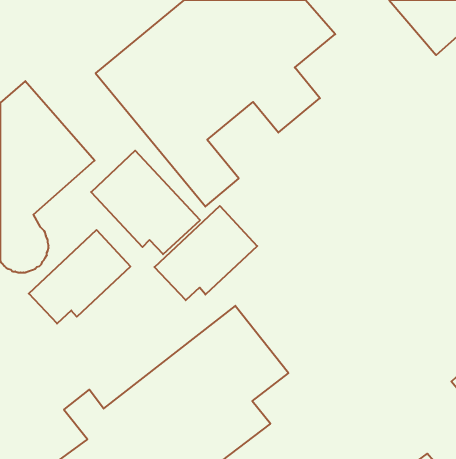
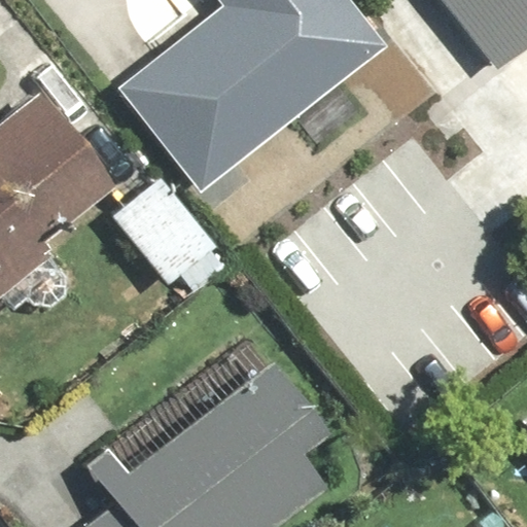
building: [154,206,257,300] -> none
building: [29,230,130,324] -> none

